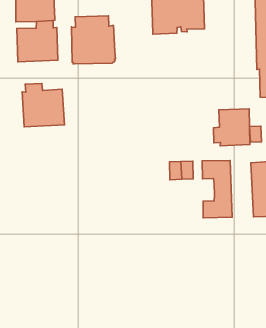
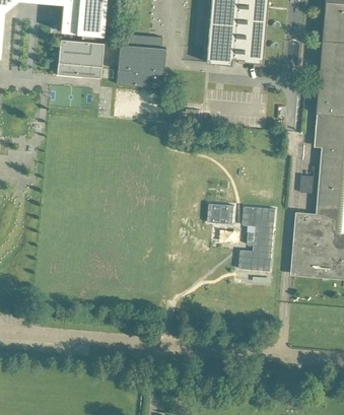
building: [22,84,64,127] -> none
building: [214,109,250,146] -> none

